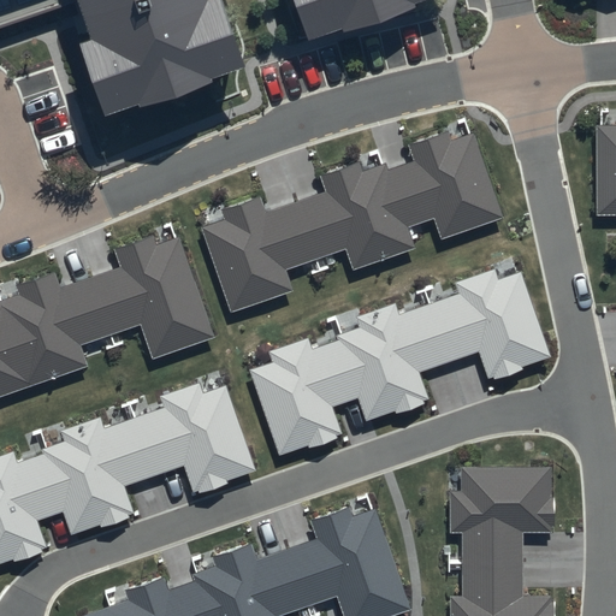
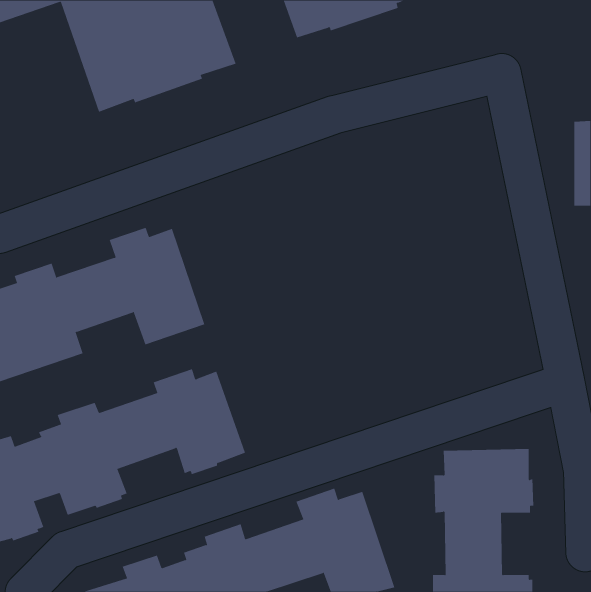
building: [201,131,504,312] -> none
building: [248,270,550,457] -> none

